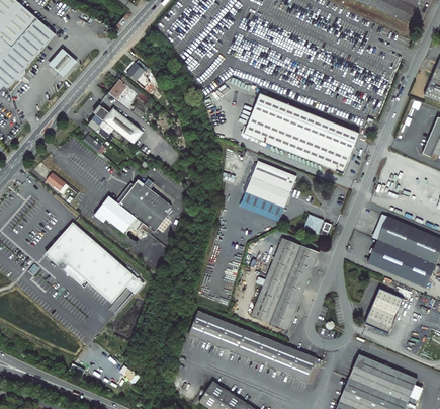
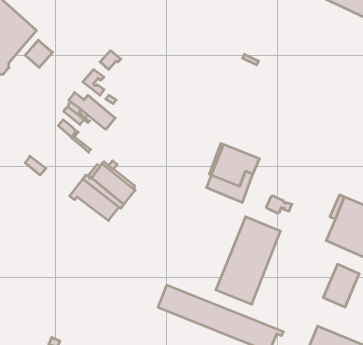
building: [244,93,359,173] -> none
building: [46,222,143,302] -> none

